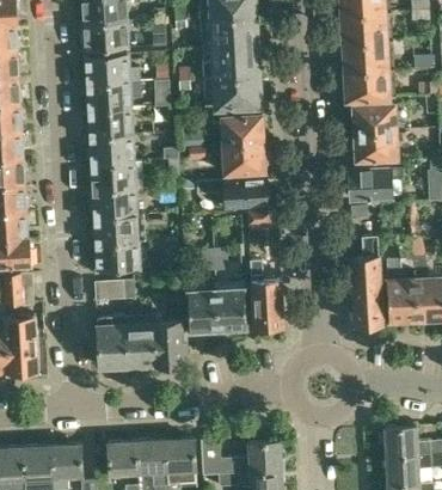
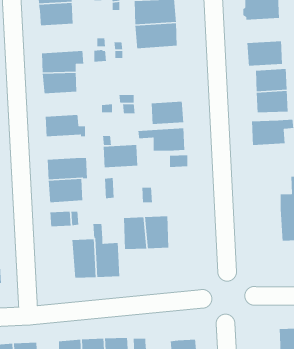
building: [343,41,388,71] -> none
building: [86,54,140,84] -> none
building: [207,75,260,109] -> none
building: [223,114,264,146] -> none
building: [91,133,134,163] -> none
building: [93,186,137,216] -> [103,144,138,168]
building: [351,234,382,324] -> none
building: [253,274,283,326] -> none
building: [98,317,129,367] -> none

